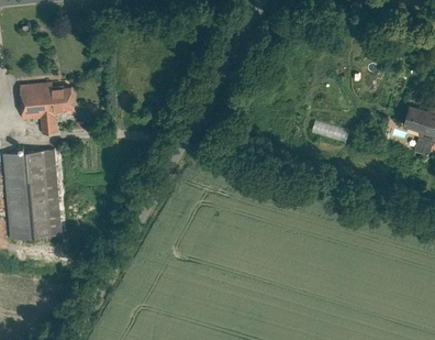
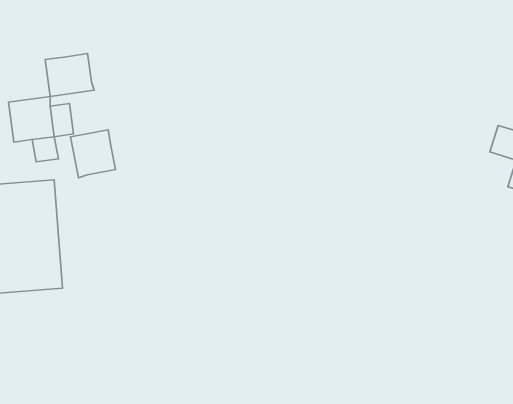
building: none -> [45,54,94,96]
building: none -> [71,130,116,178]

